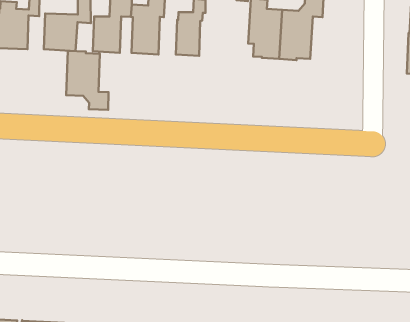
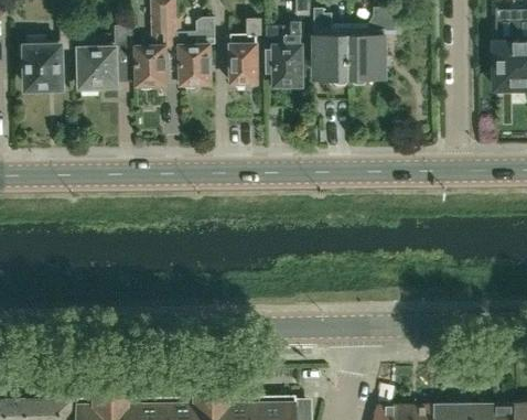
building: none -> [266,22,303,88]
building: [66,51,109,110] -> none

